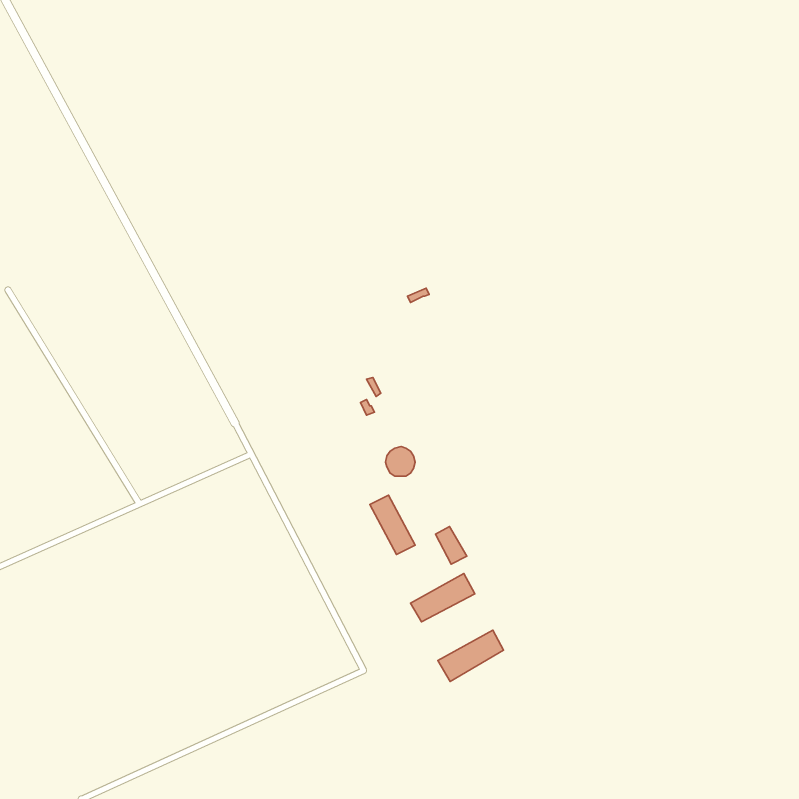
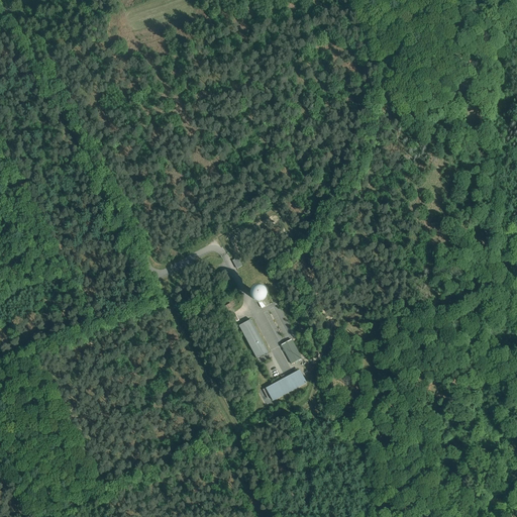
building: [438,630,503,681] -> none

